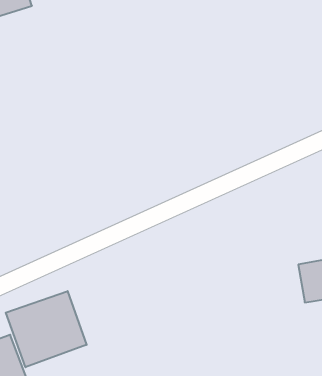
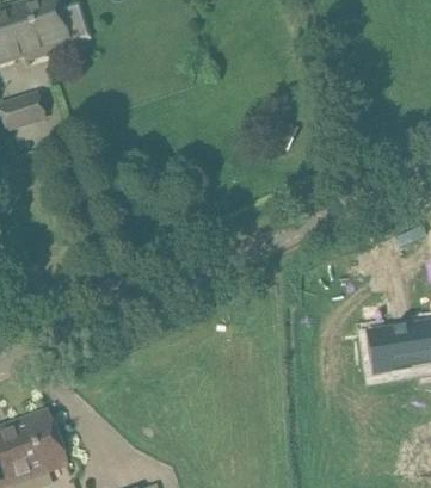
building: [6,291,87,367] -> none

